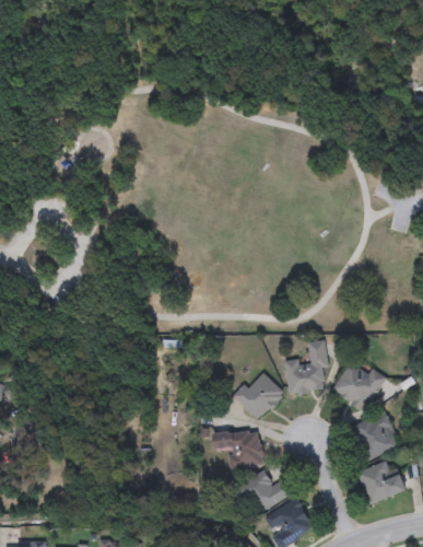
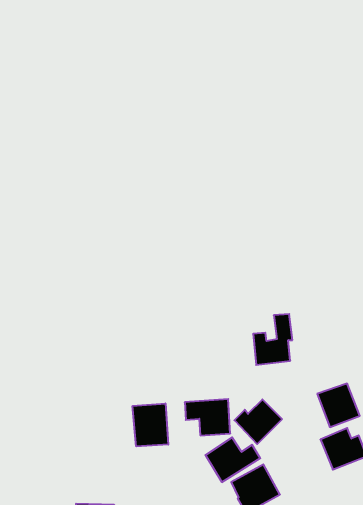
building: [332,363,386,411] -> none
building: [234,373,284,420] -> [234,399,282,444]
building: none -> [133,403,168,446]

